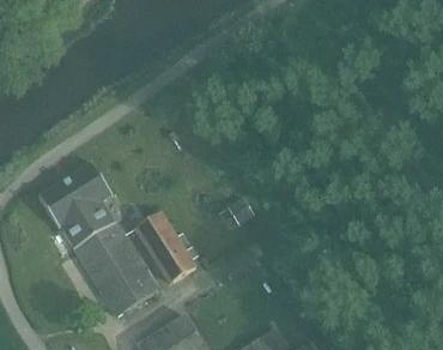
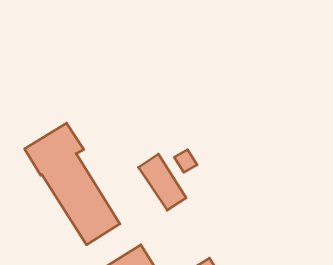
building: [134,210,194,280] -> [138,154,186,210]

